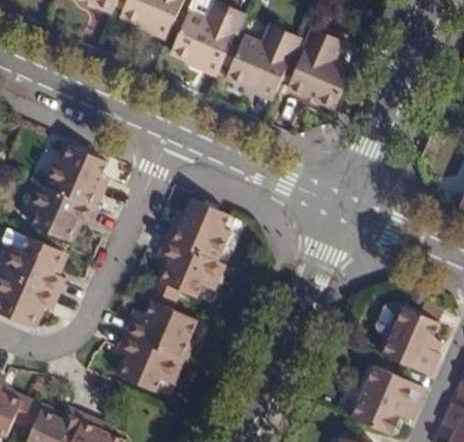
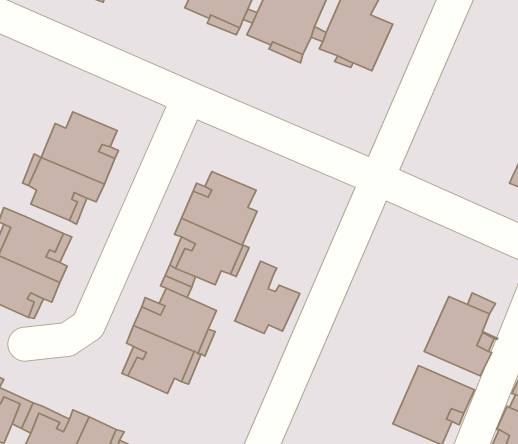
building: none -> [234,261,300,334]

